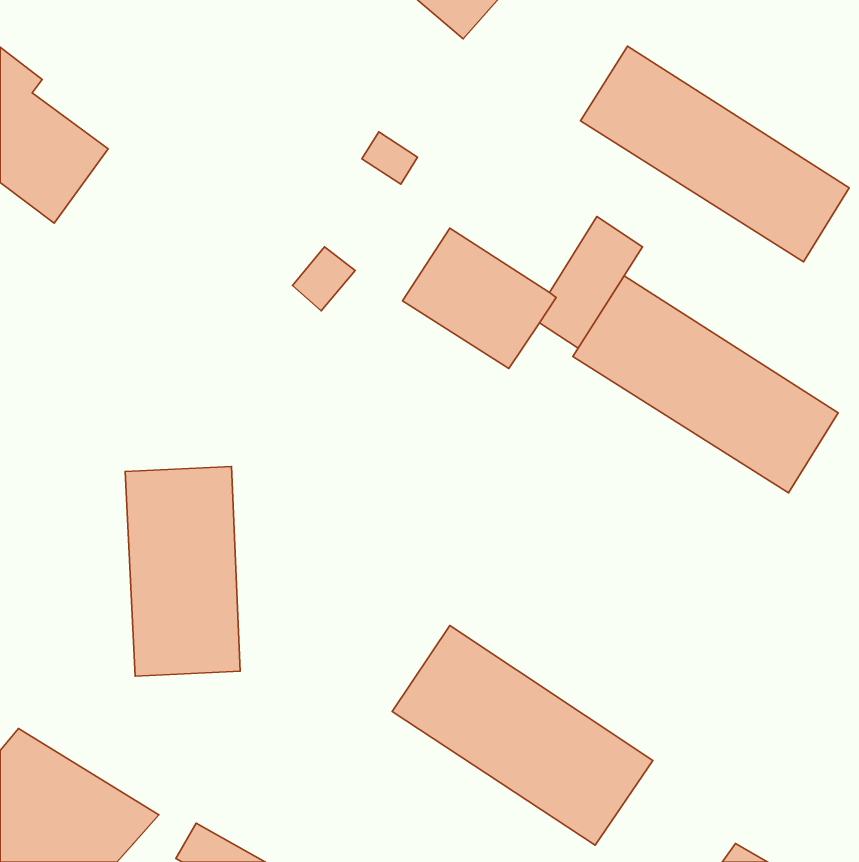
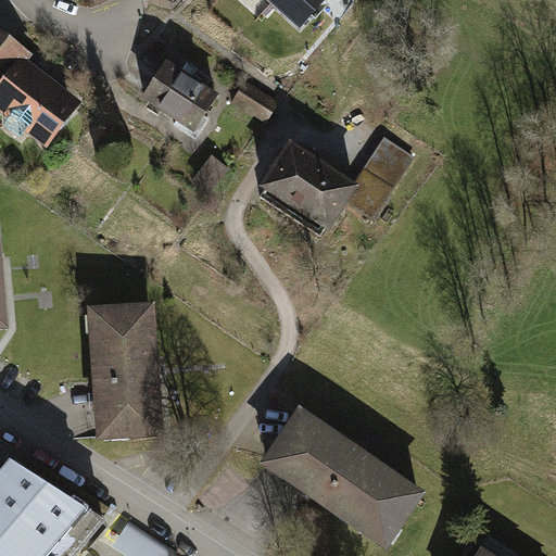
building: [580,46,849,262] -> none
building: none -> [135,52,219,131]
building: [573,276,838,493] -> none

